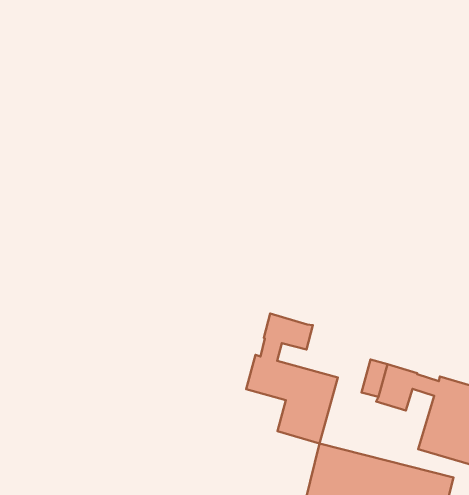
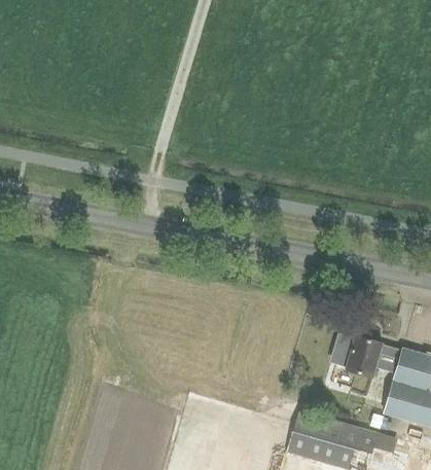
building: [246,314,338,443] -> none

